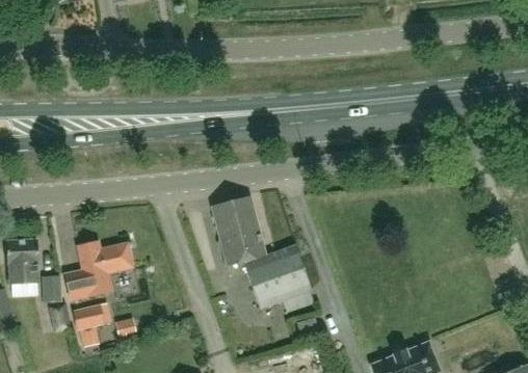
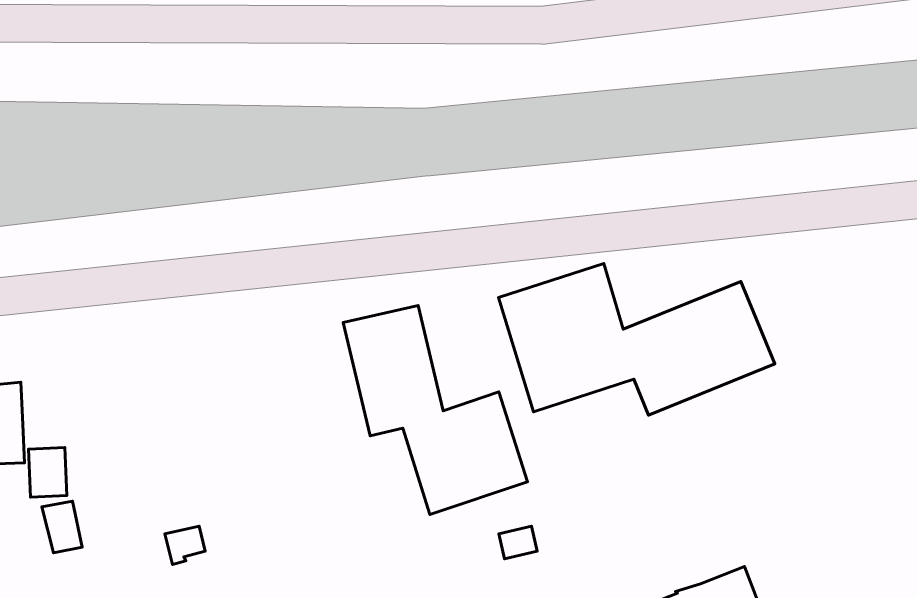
building: none -> [498,264,775,415]
building: [64,242,133,300] -> none
building: [71,304,111,332] -> none

